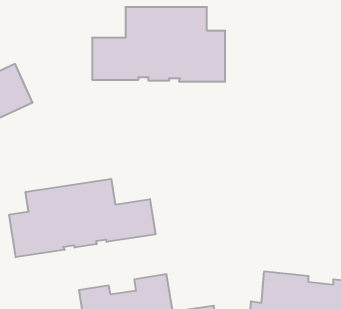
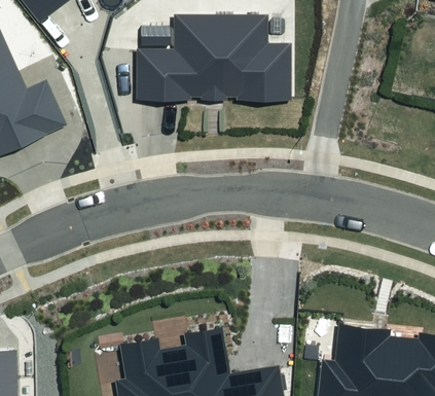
building: [9,179,155,257] -> none

